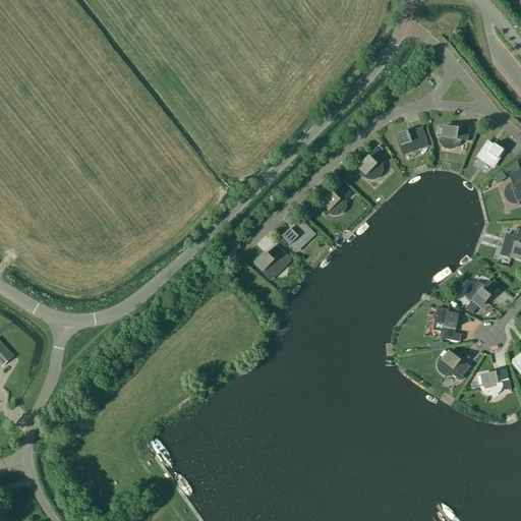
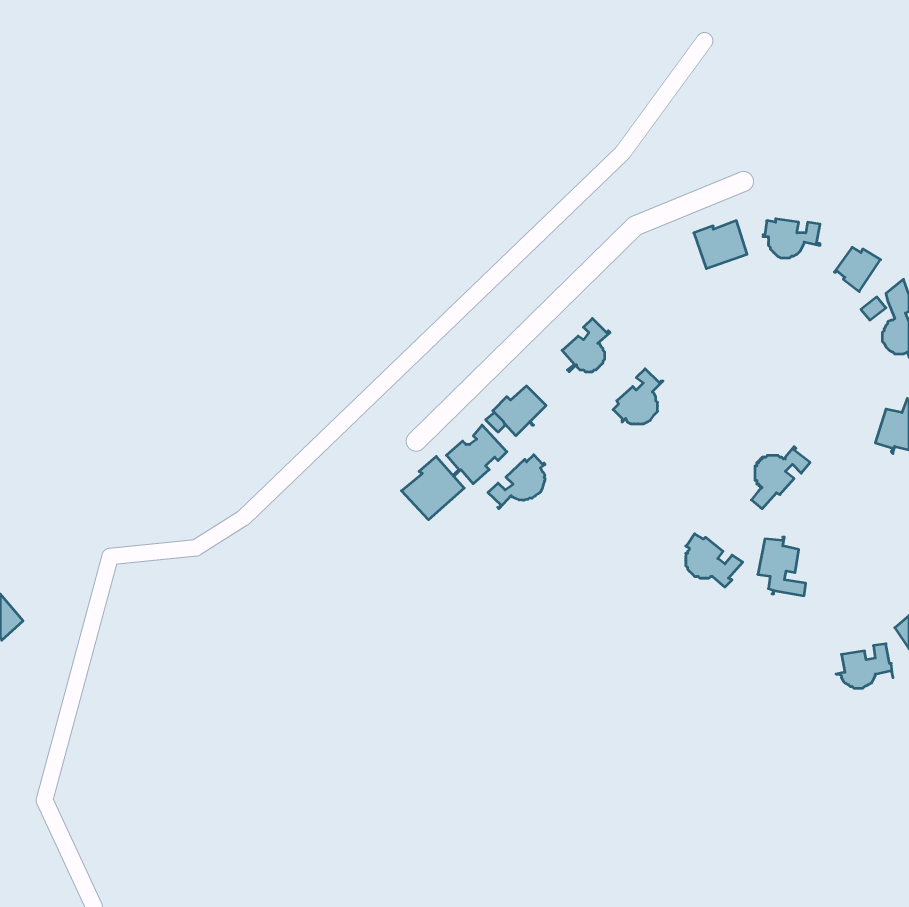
building: [357,147,386,178] -> [613,369,663,424]
building: none -> [488,455,545,509]
building: none -> [401,456,464,520]
building: [465,278,499,313] -> [751,447,810,509]
building: [438,349,470,380] -> [686,534,743,587]

